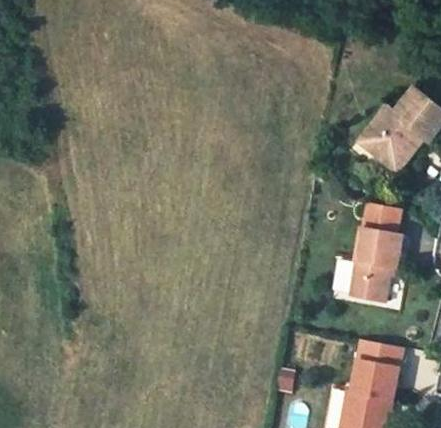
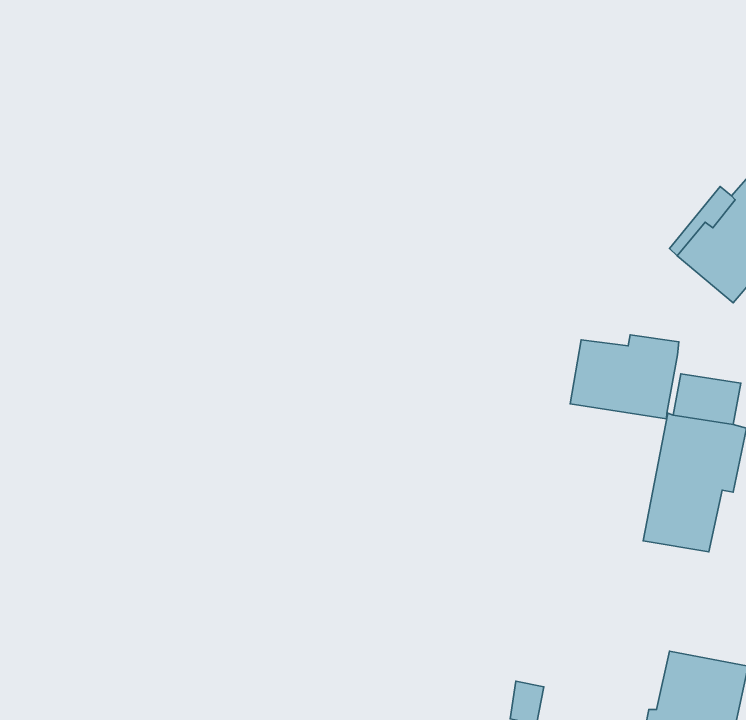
building: none -> [570,335,679,419]

